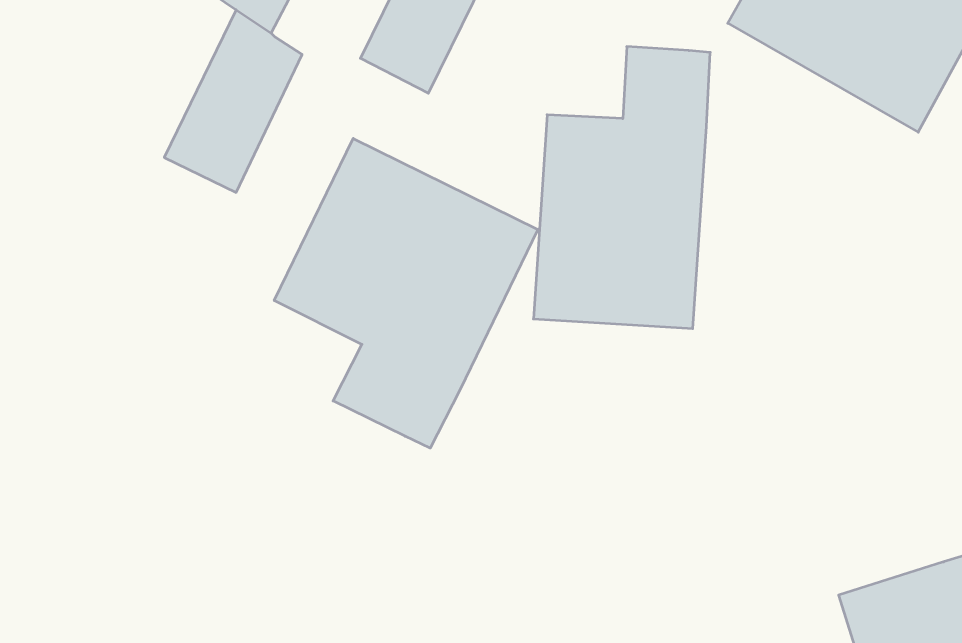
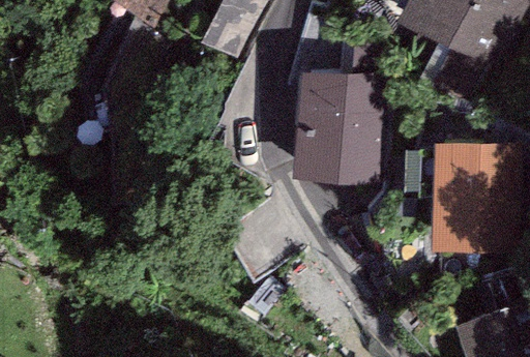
building: [274,138,538,448] -> none
building: none -> [433,143,511,252]

